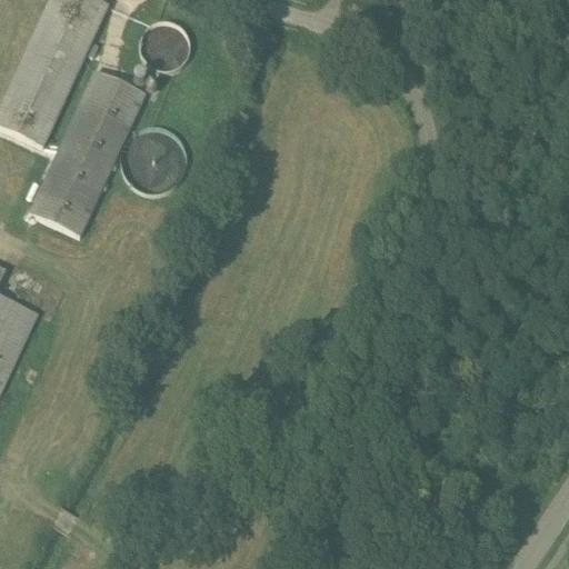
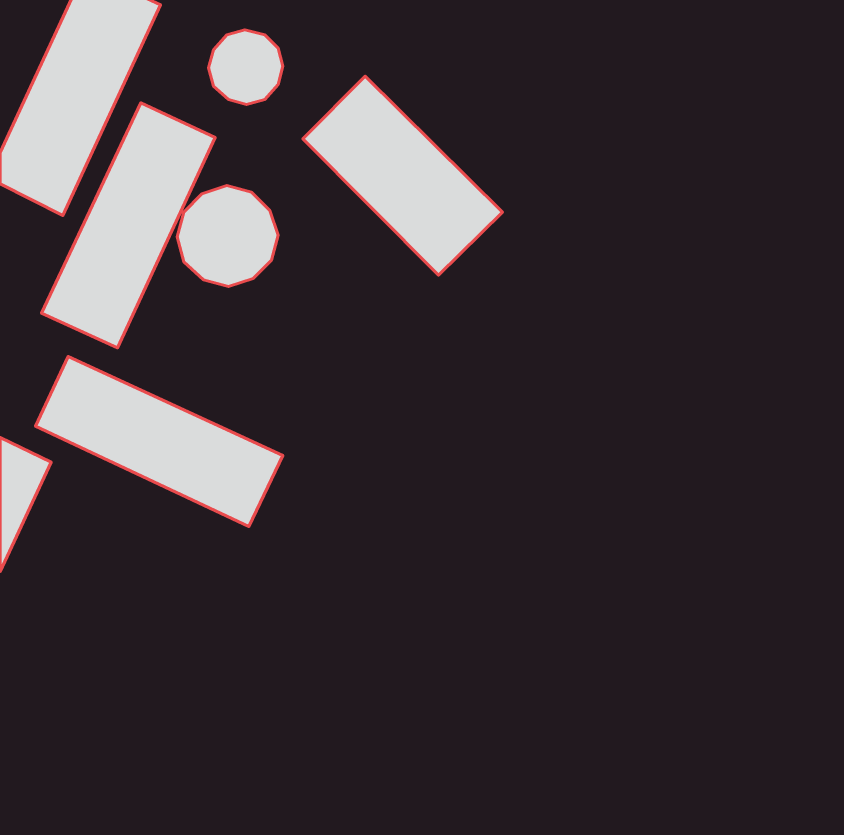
building: none -> [303,76,503,275]
building: none -> [35,356,283,526]

